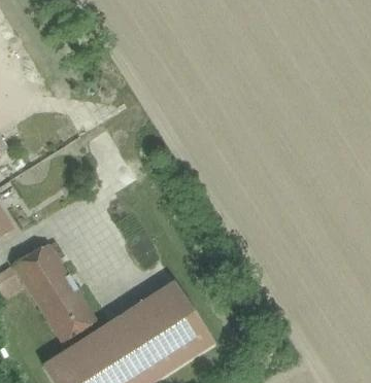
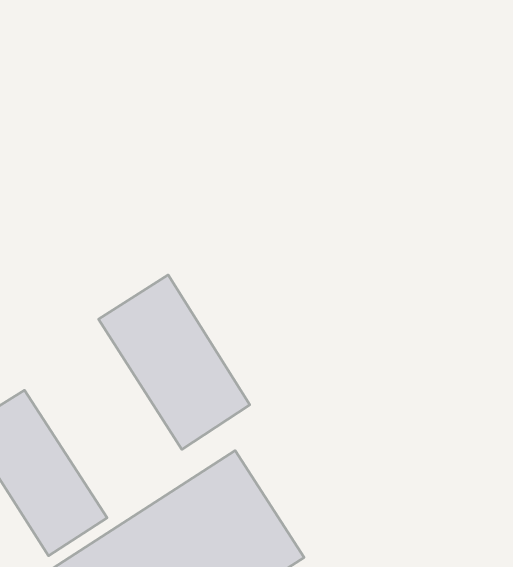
building: none -> [98,275,250,450]

